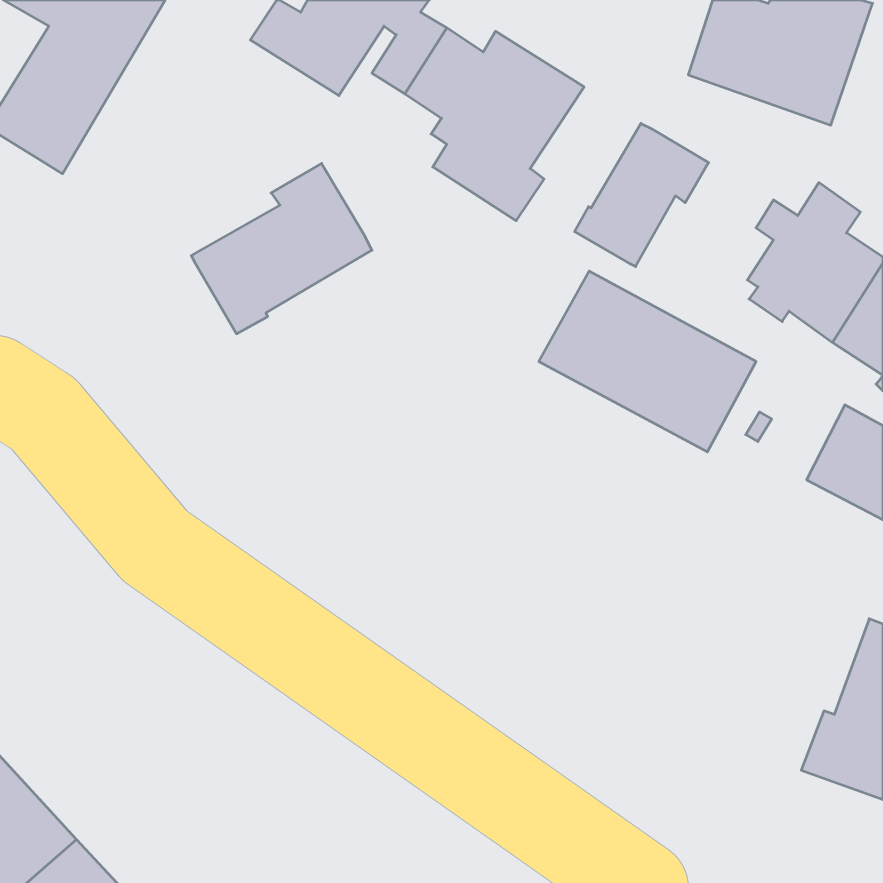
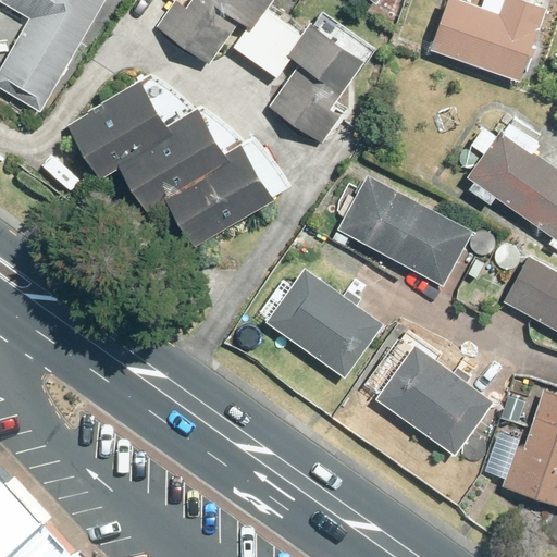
building: none -> [67,81,175,181]
building: [575,123,709,267] -> none
building: none -> [166,143,277,247]
building: none -> [259,268,383,379]
building: none -> [366,338,495,457]

